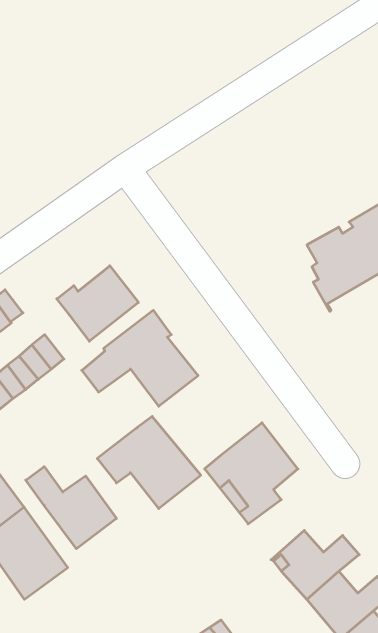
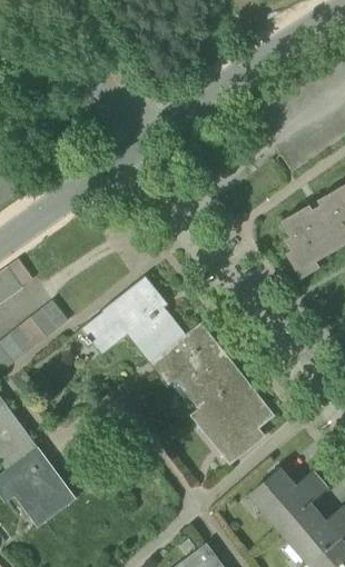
building: [57,266,138,341] -> none
building: [97,416,201,509] -> [151,324,241,404]
building: [26,467,116,549] -> none

